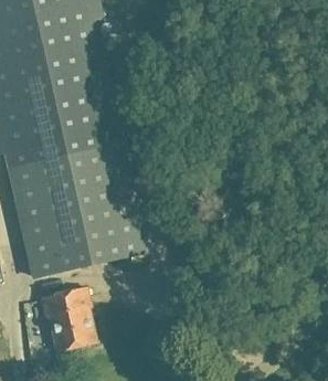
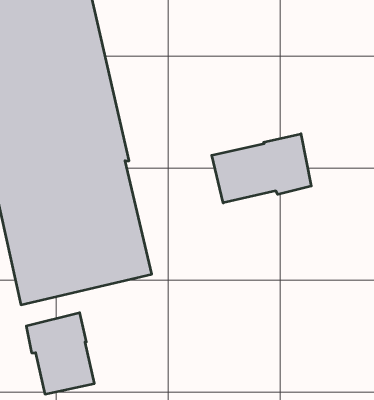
building: none -> [212,134,311,203]

